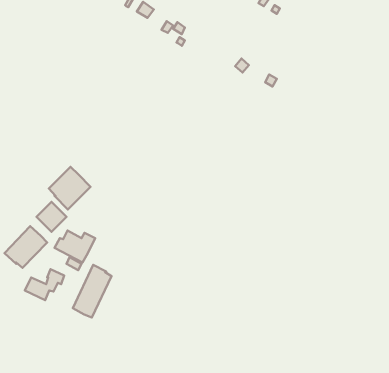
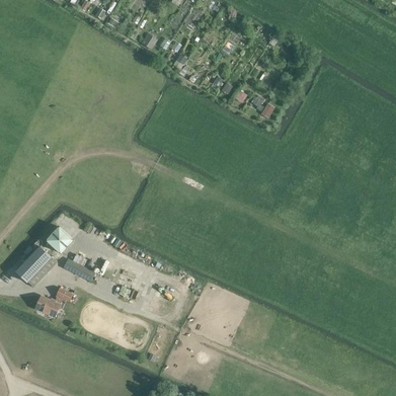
building: [49,167,90,210] -> none
building: [73,265,111,318] -> none

